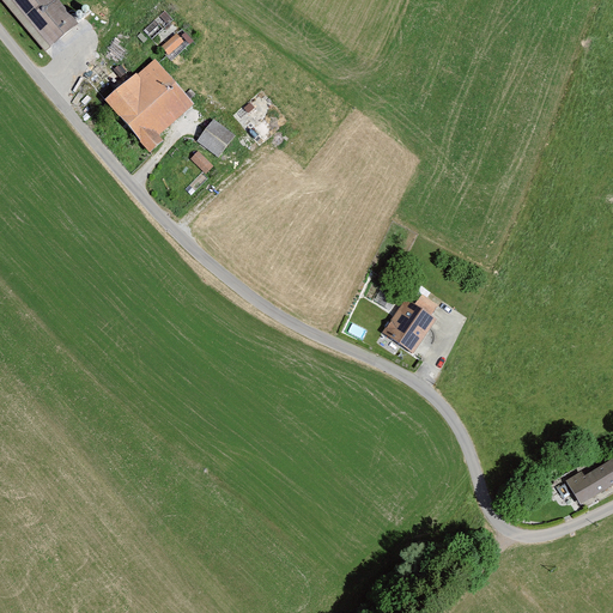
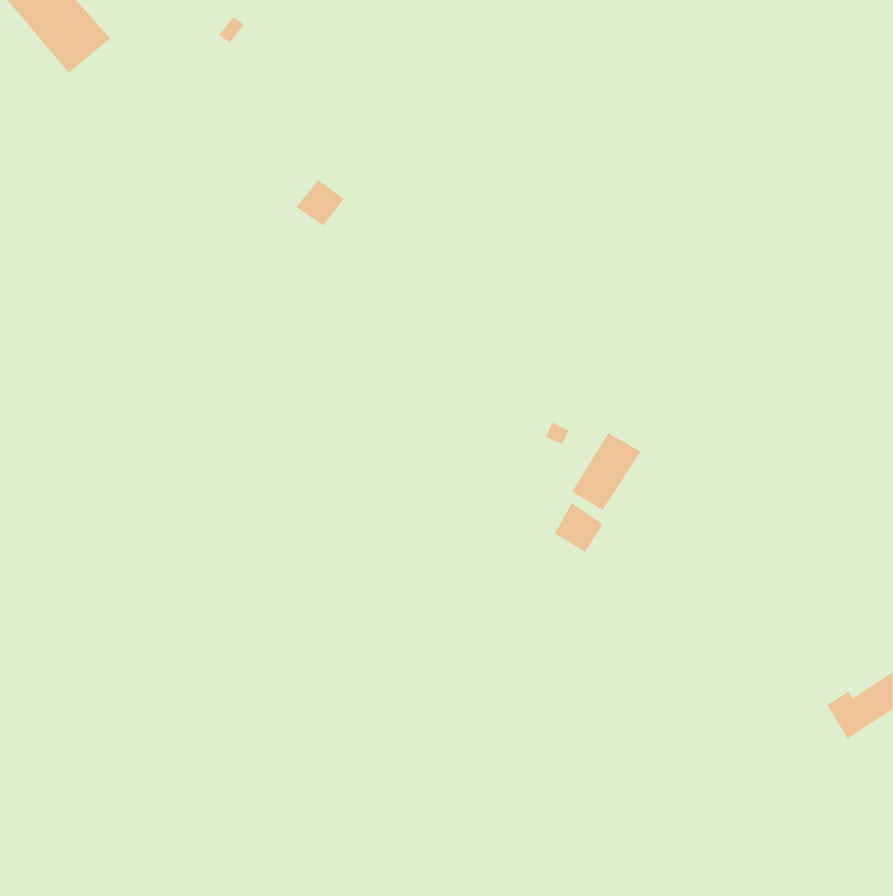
building: [111,68,184,140] -> none
building: none -> [554,502,604,553]

